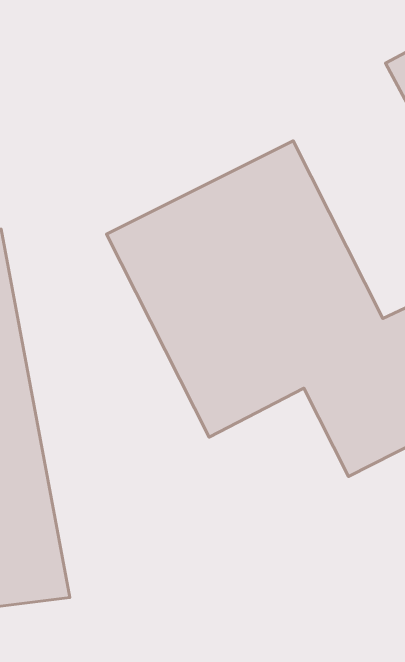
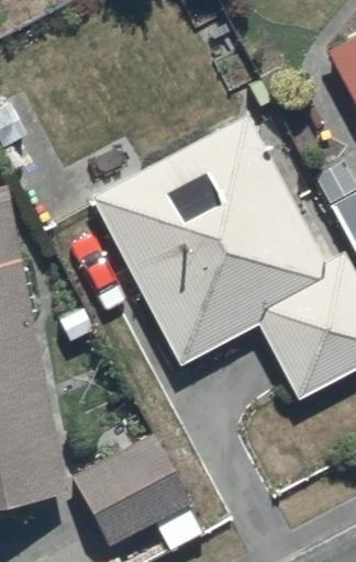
building: none -> [71,432,205,548]

